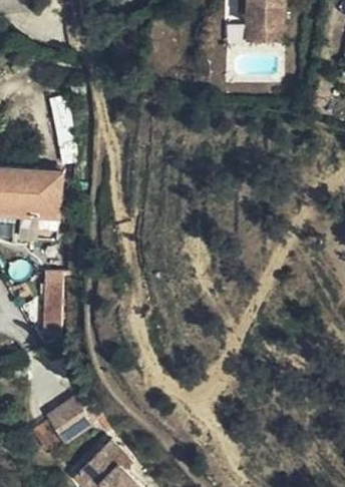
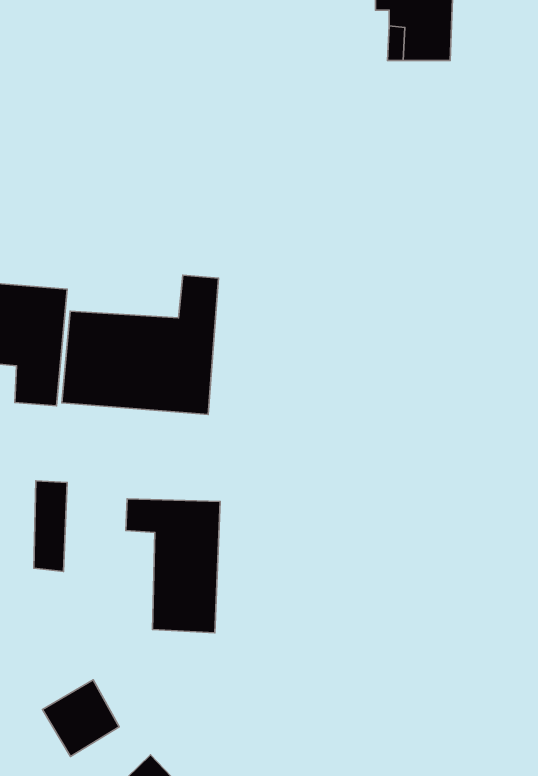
building: none -> [62,275,218,415]
building: none -> [126,499,220,633]

